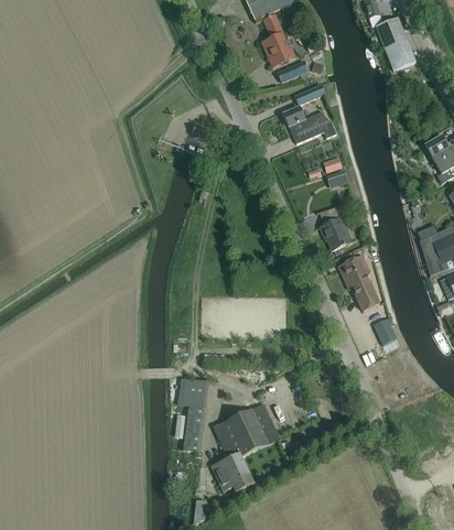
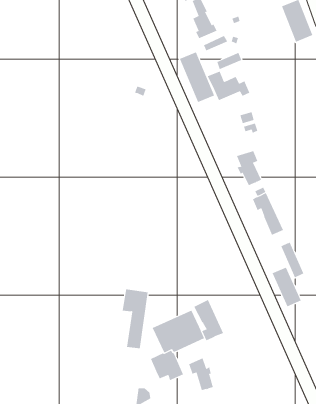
building: none -> [179,51,215,103]
building: none -> [272,267,301,307]
building: none -> [194,299,224,341]
building: none -> [188,357,214,391]

